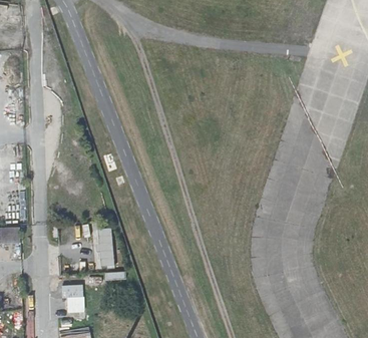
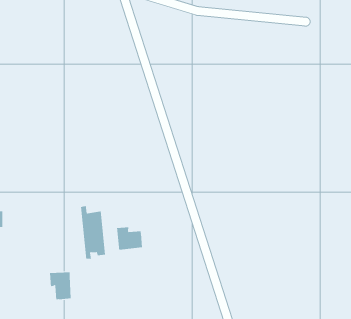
building: none -> [116,227,142,251]

